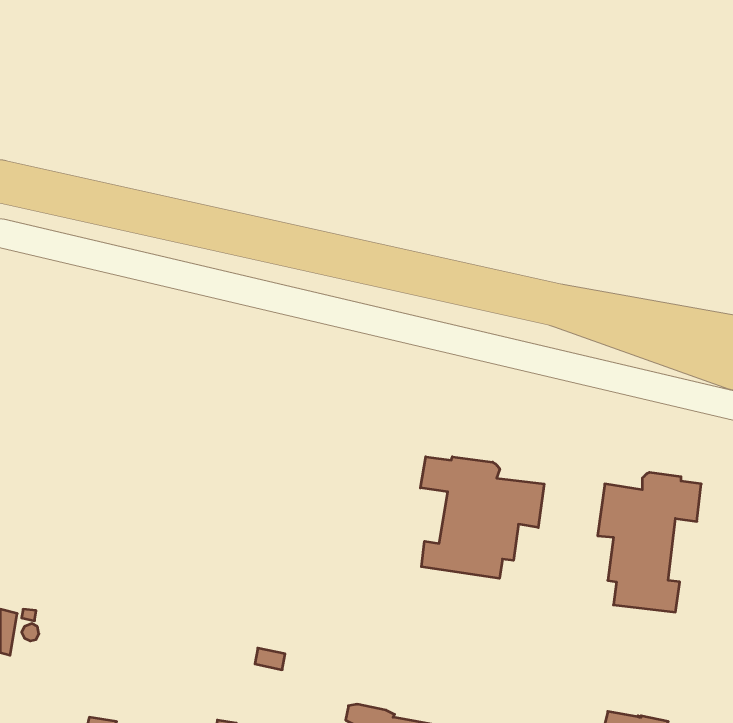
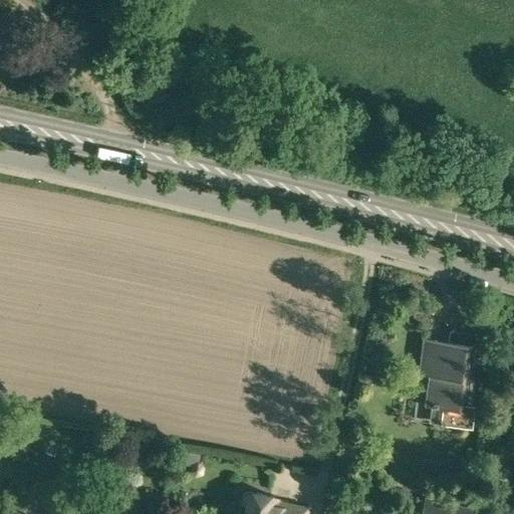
building: [420,457,544,578] -> none

